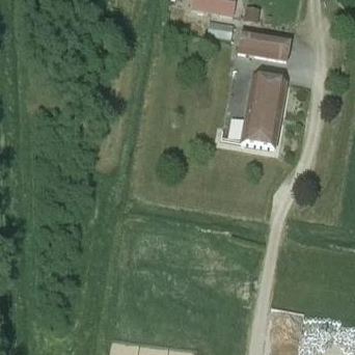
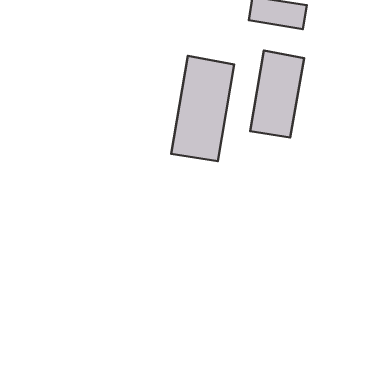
building: none -> [171,56,234,161]

